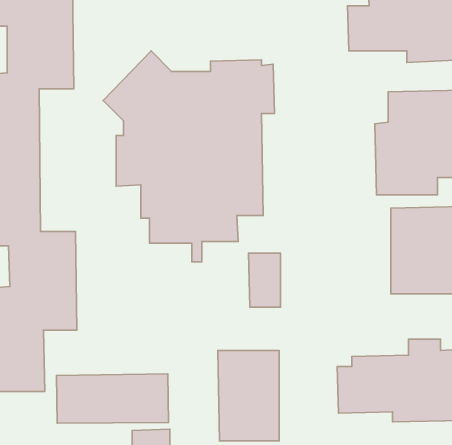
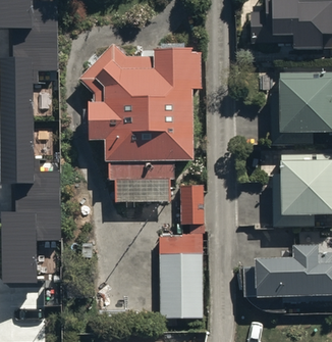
building: [57,374,169,423] -> none

